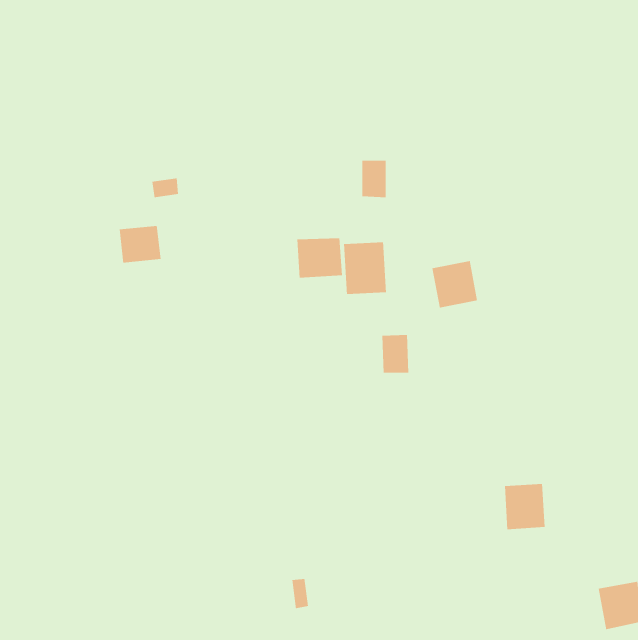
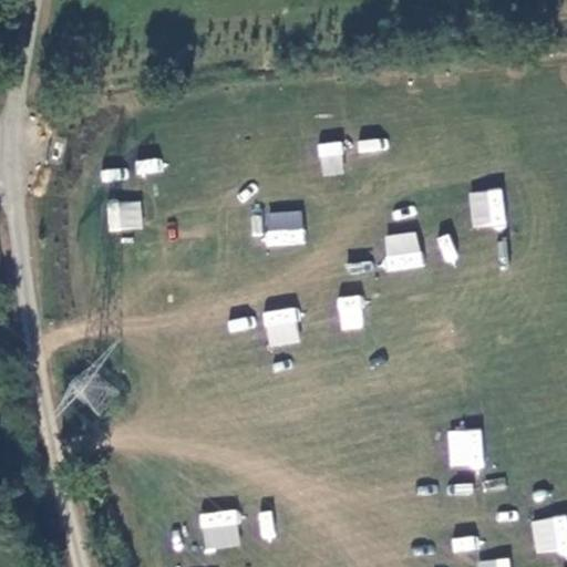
building: none -> [468,188,507,229]
building: [343,242,387,295] -> none
building: none -> [262,306,301,348]
building: none -> [199,508,241,550]

